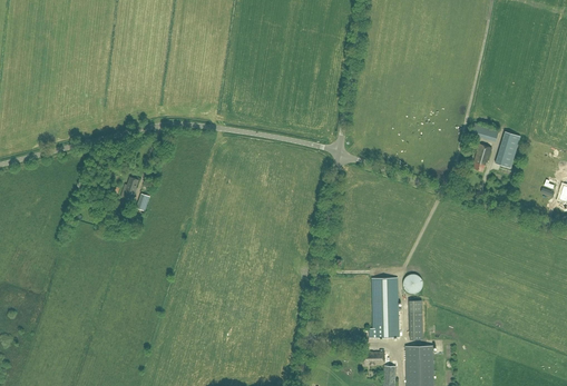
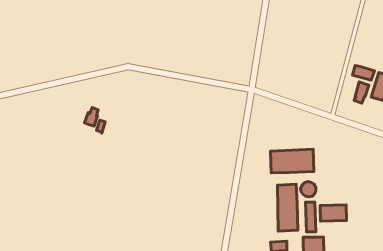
building: none -> [271,149,314,173]
building: none -> [320,205,346,221]

